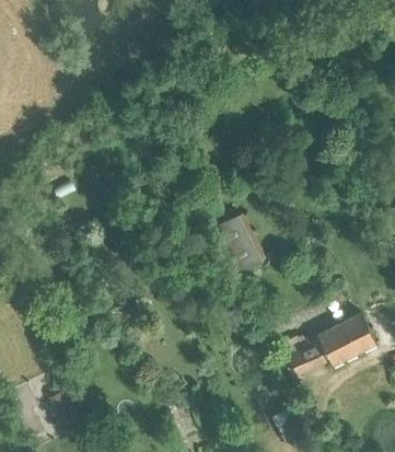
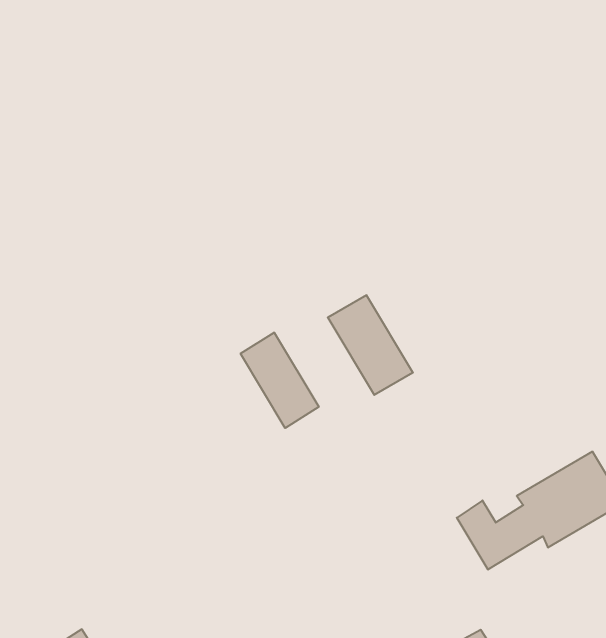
building: none -> [241,332,319,428]

